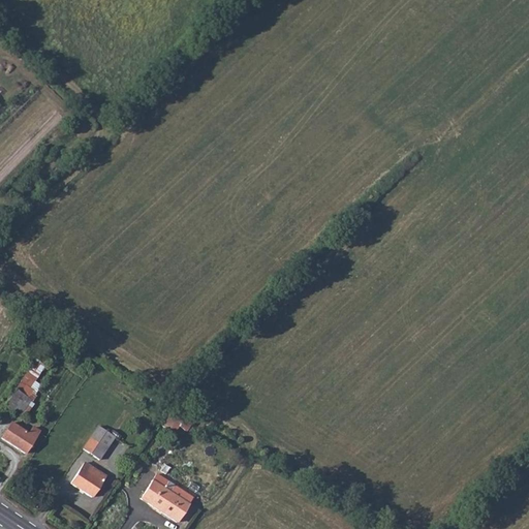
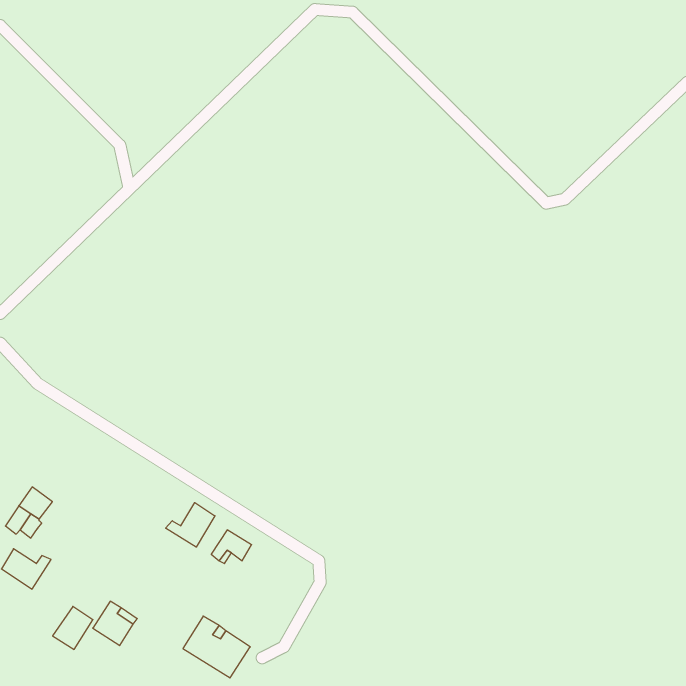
building: none -> [166,503,215,547]
building: [84,426,115,459] -> [53,606,93,649]

